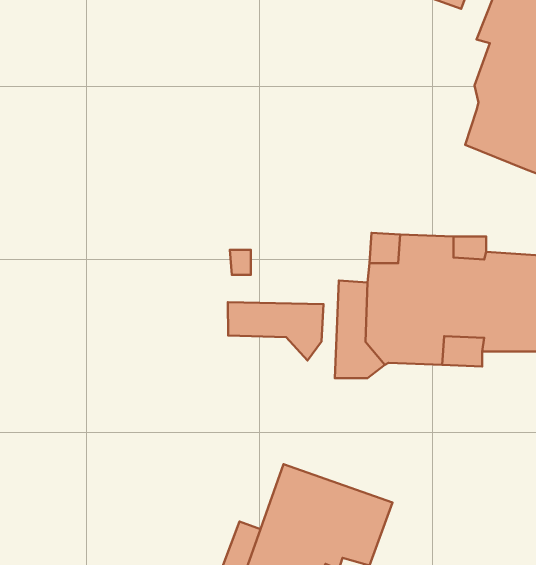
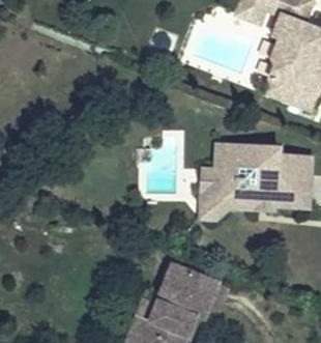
building: [228,302,324,361] -> none

